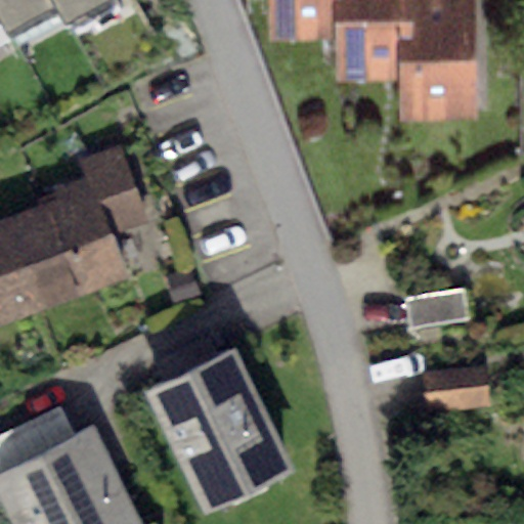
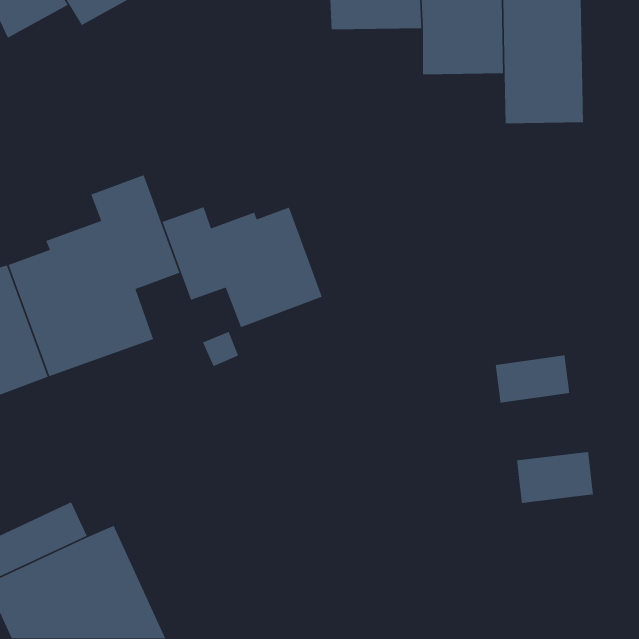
building: none -> [161,206,323,328]
building: [147,351,295,517] -> none

